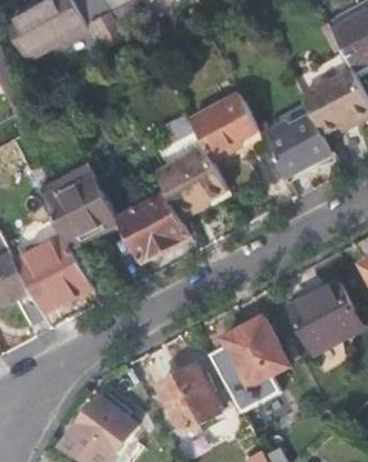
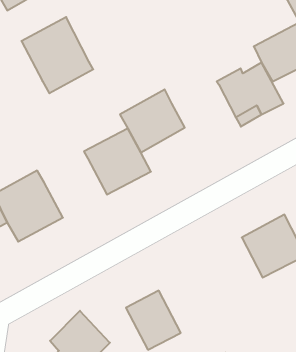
building: [190,93,263,159] -> none
building: [38,162,117,247] -> [21,17,93,93]
building: [211,317,287,410] -> none

